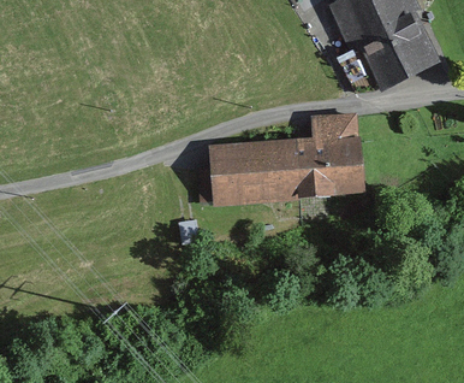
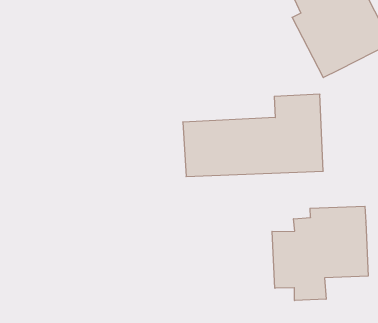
building: none -> [272,206,368,301]

